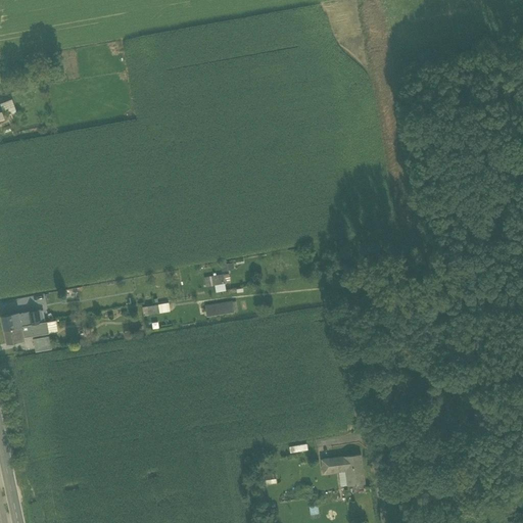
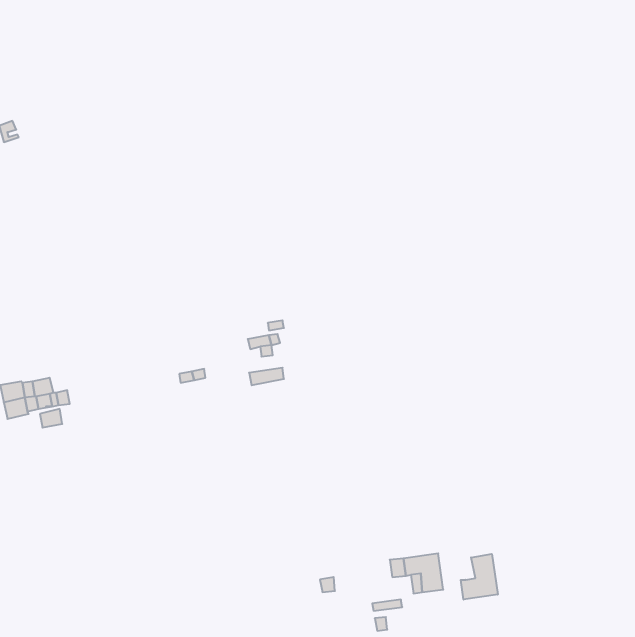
building: none -> [461,554,498,600]

